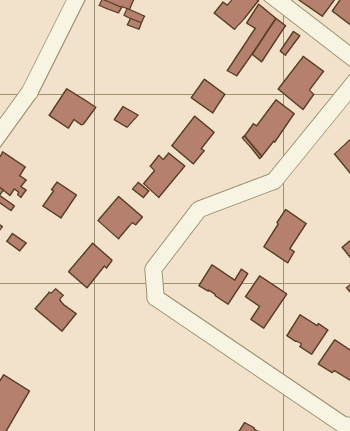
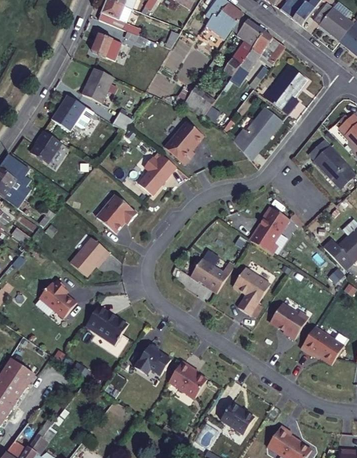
building: none -> [91,33,122,60]
building: none -> [82,66,115,102]
building: [43,182,76,218] -> [29,128,60,161]
building: none -> [86,305,128,344]
building: none -> [135,344,171,375]
building: none -> [169,360,207,398]

